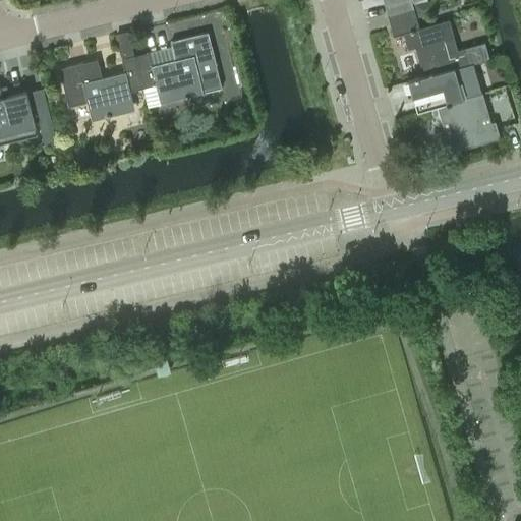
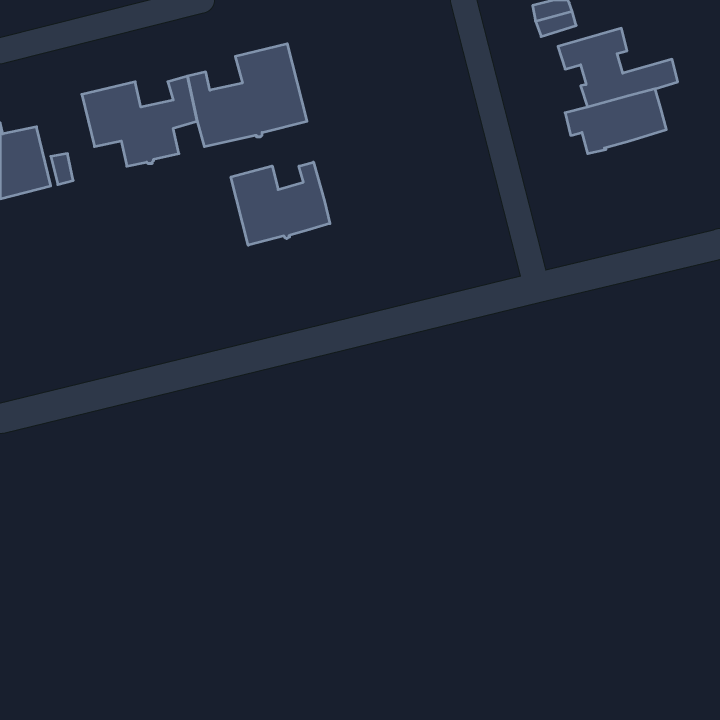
building: [437,94,500,152] -> none
building: none -> [231,162,330,245]

